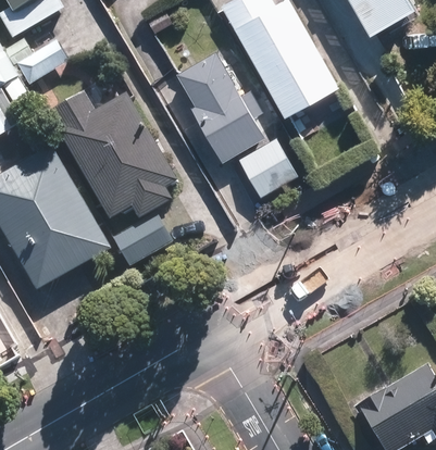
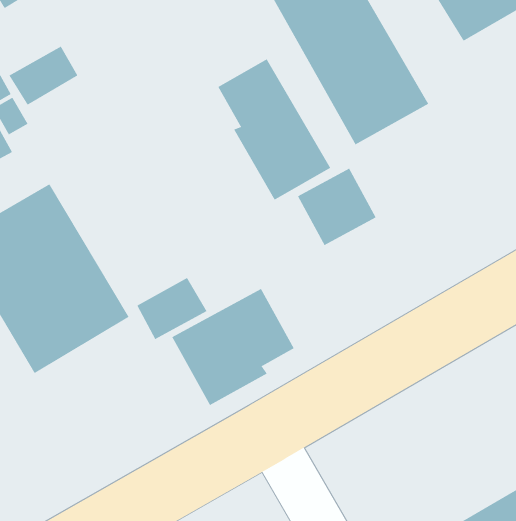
building: [50,92,178,221] -> none
building: none -> [172,288,294,406]

